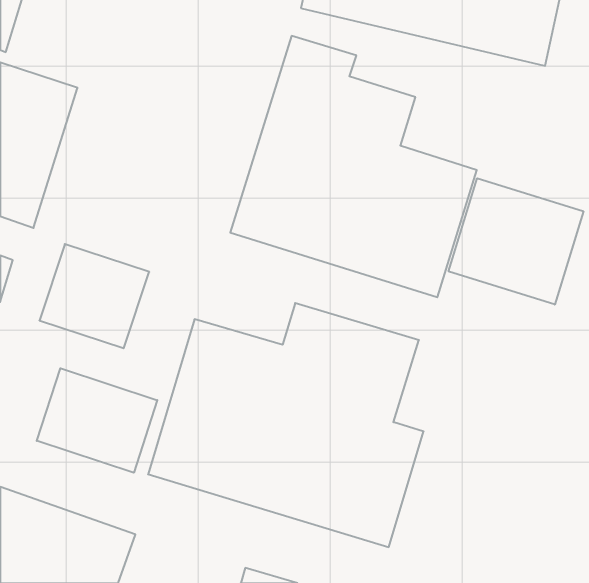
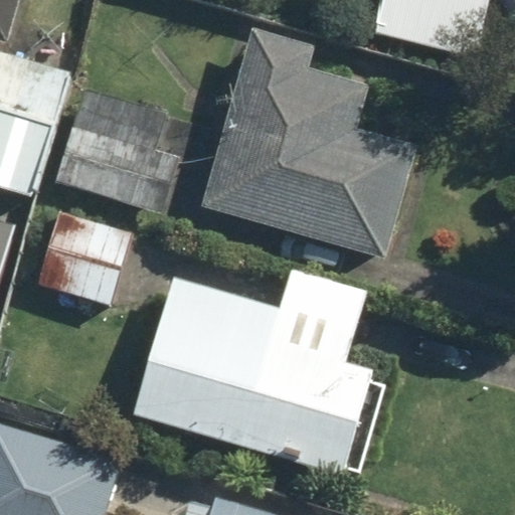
building: none -> [56,83,182,213]
building: [449,178,583,305] -> none
building: [37,368,157,473] -> none

